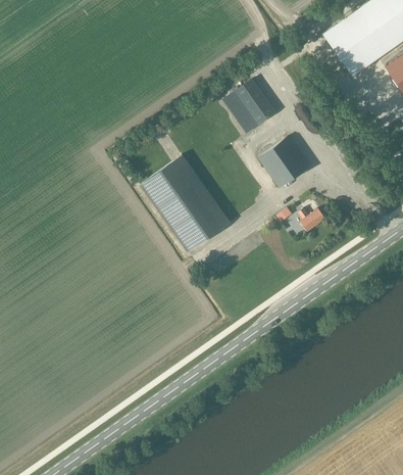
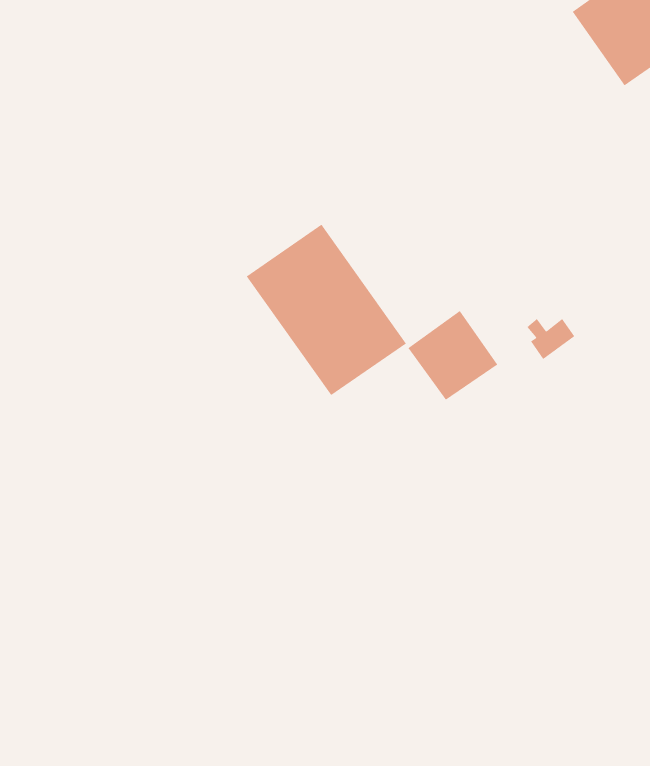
building: [222,79,275,133] -> none
building: [257,136,308,187] -> [408,310,498,401]

